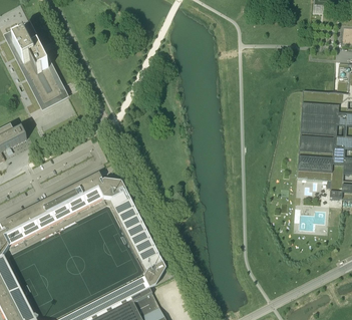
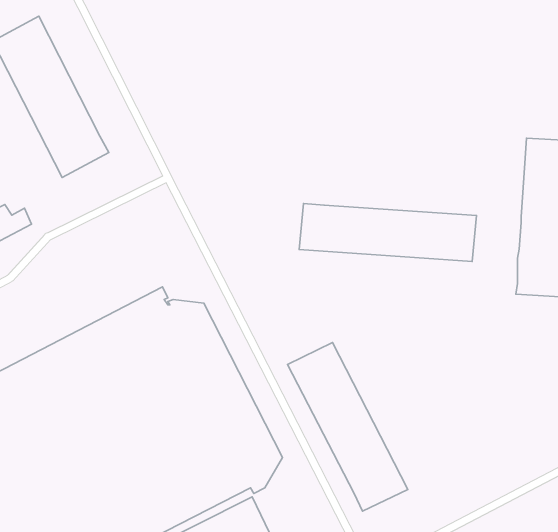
building: none -> [299,203,477,262]
building: none -> [288,343,408,511]

